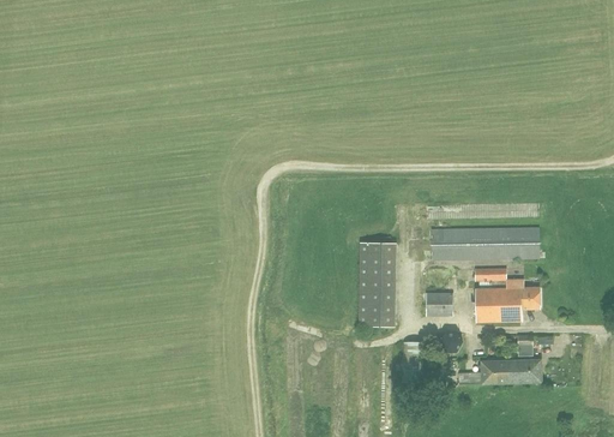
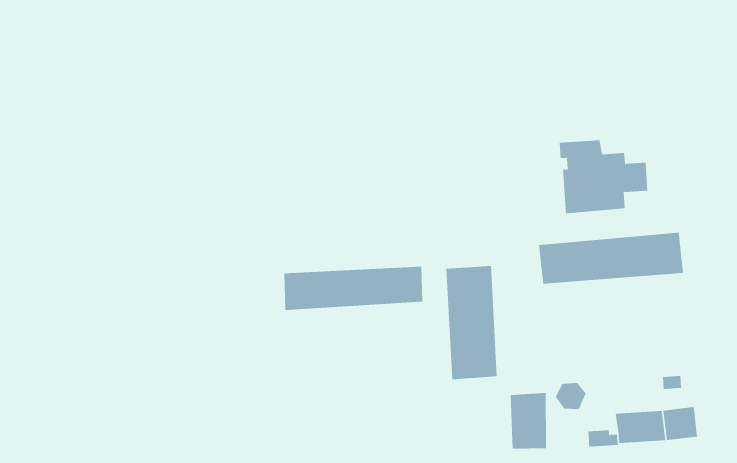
building: none -> [284,266,423,311]
building: [474,268,538,322] -> [559,140,648,214]
building: [426,293,452,315] -> none

